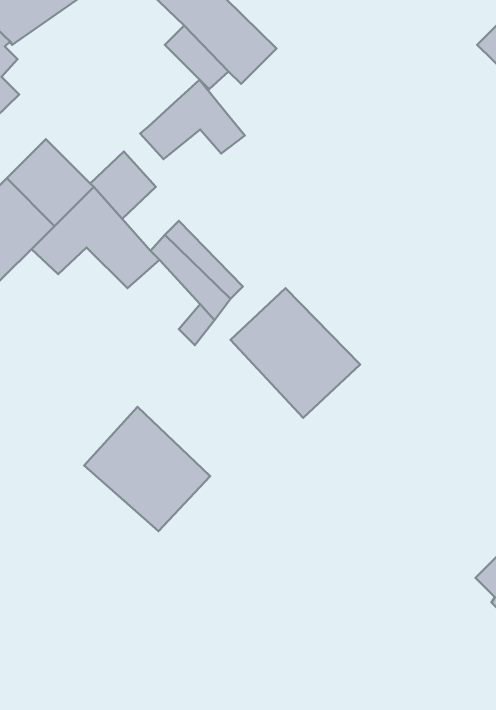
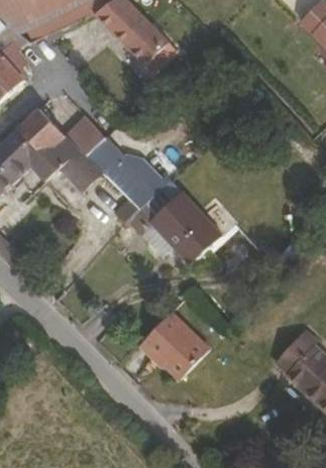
building: [140,80,245,159] -> none
building: [84,407,210,531] -> [140,308,212,378]

